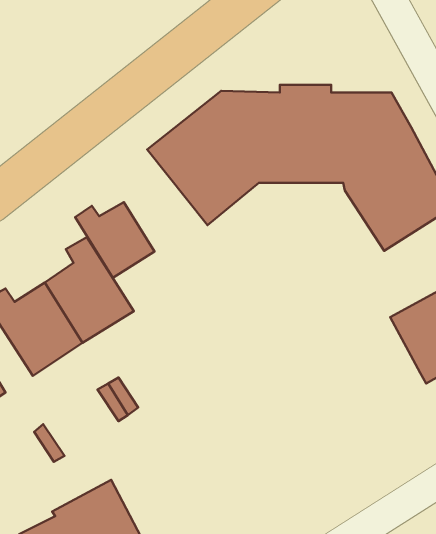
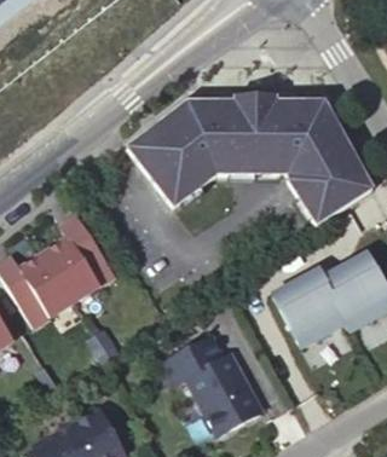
building: [75,202,154,278] -> none
building: none -> [272,271,346,348]
building: none -> [162,335,261,435]

